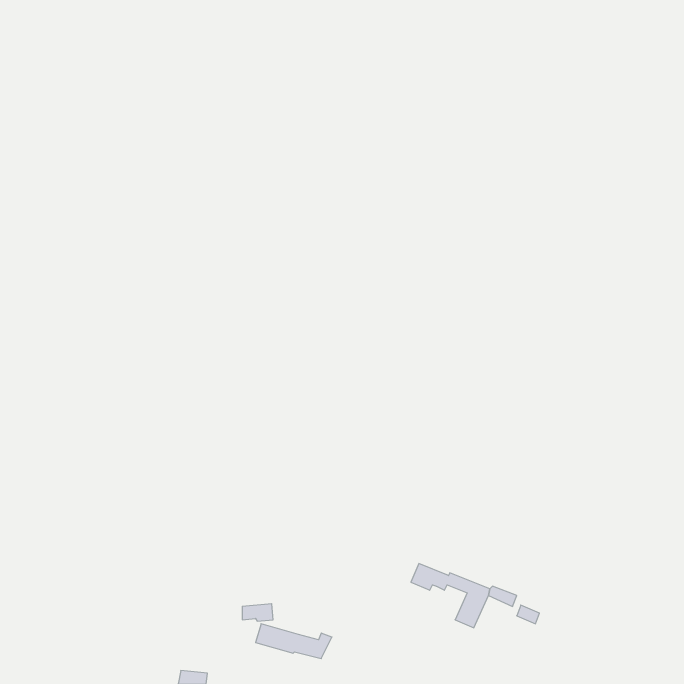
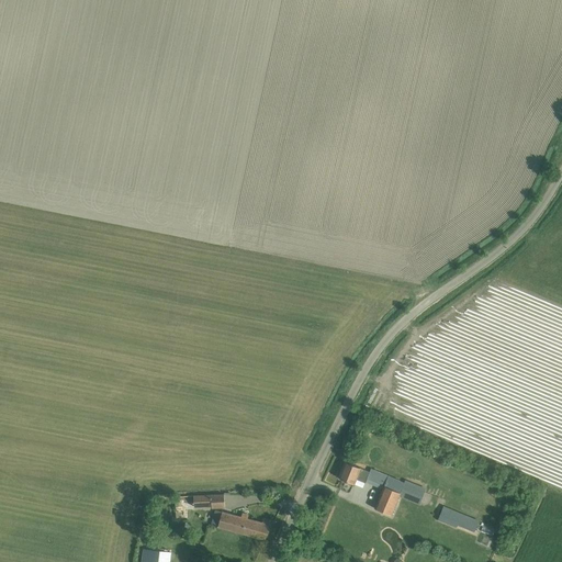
building: none -> [438,506,479,529]

